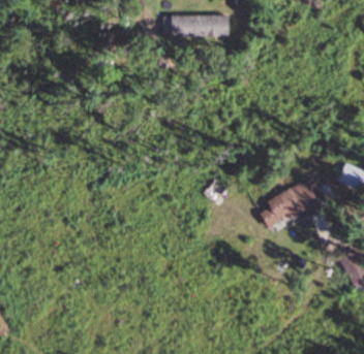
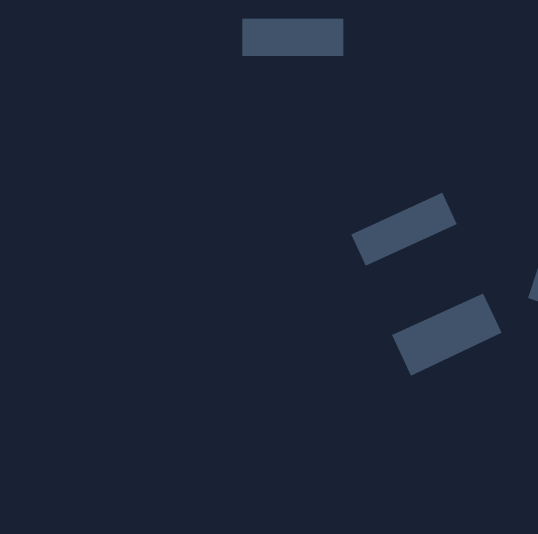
building: none -> [351,192,457,267]

